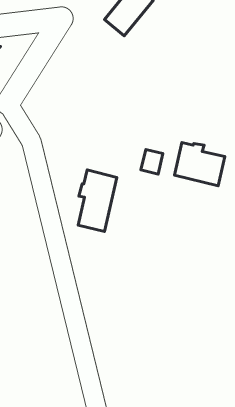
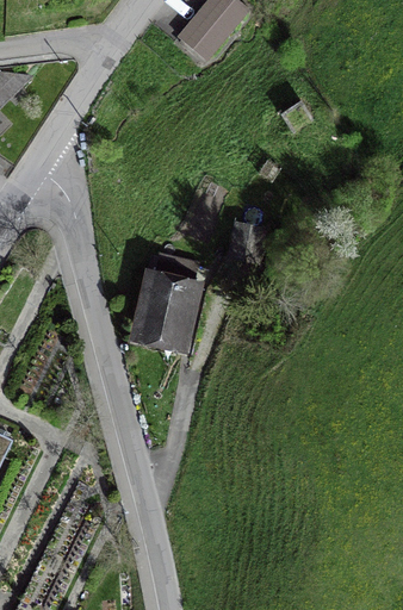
building: [175,142,225,186] -> none

